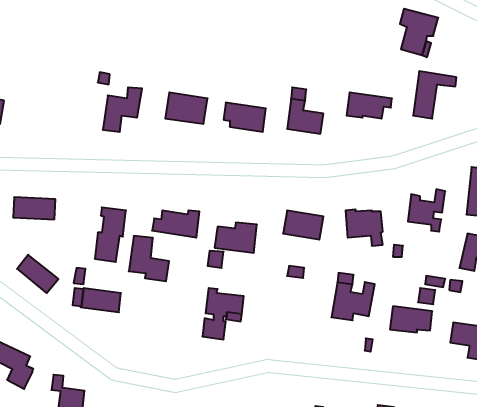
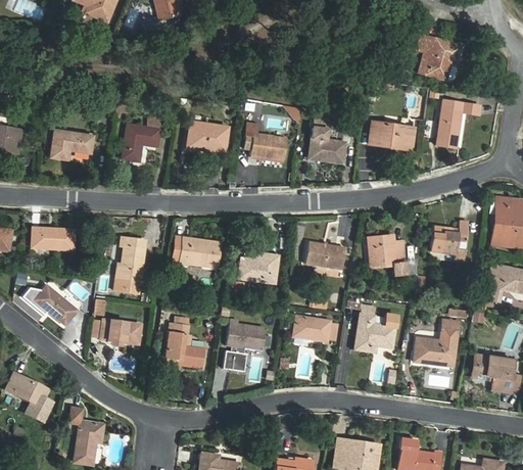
building: none -> [50,130,93,159]
building: [129,236,169,281] -> [165,322,206,368]
building: none -> [294,315,339,341]

